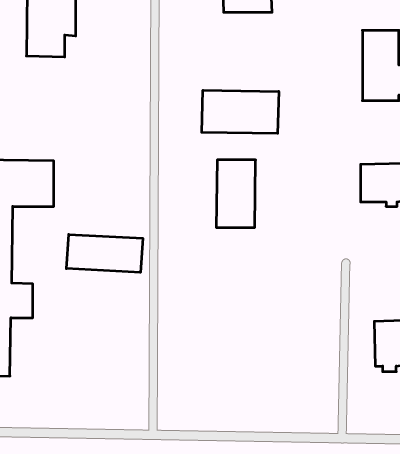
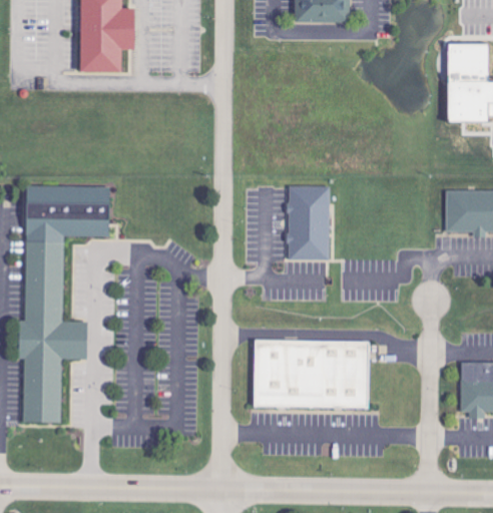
building: [202,90,279,133] -> none
building: [66,234,143,272] -> none
building: none -> [254,340,370,408]

